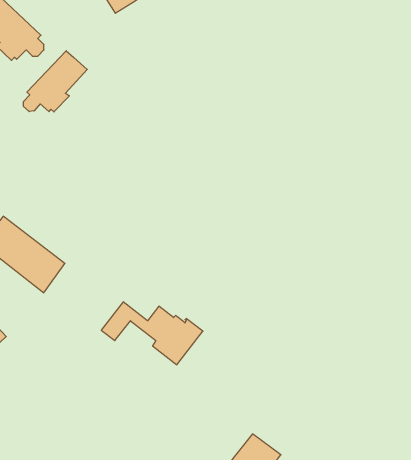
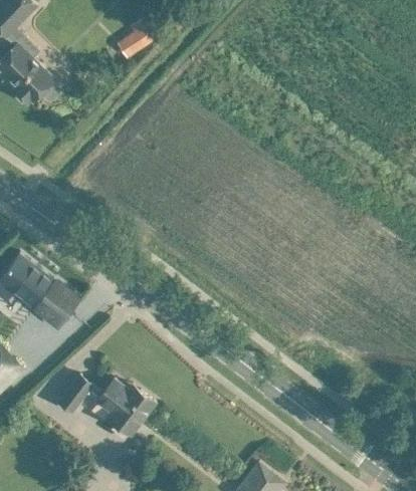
building: [23,51,87,112] -> none
building: [101,302,203,365] -> [56,376,154,436]

